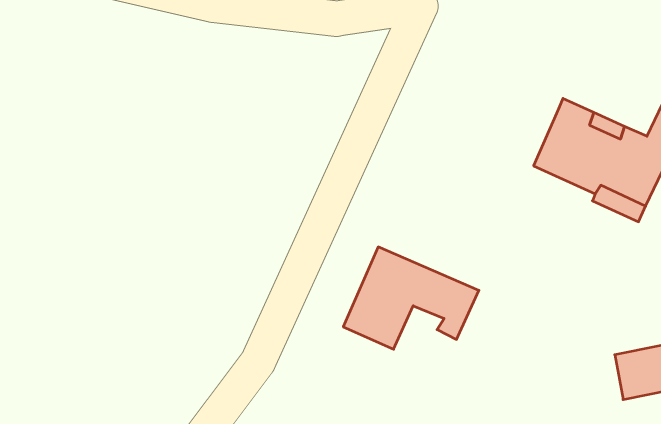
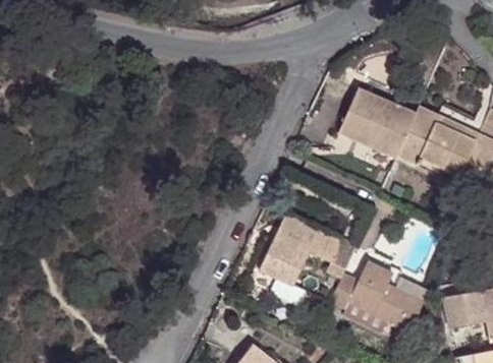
building: none -> [337,89,413,159]
building: none -> [346,264,422,334]

